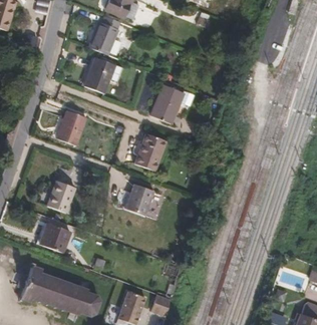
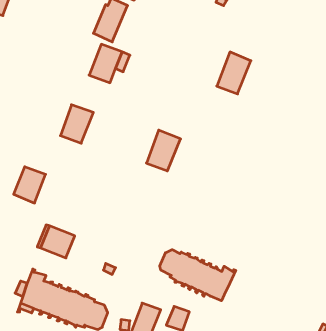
building: [151,86,183,124] -> [217,52,251,94]
building: [46,180,75,213] -> [14,167,46,203]
building: [125,185,154,216] -> none
building: none -> [160,250,236,301]

